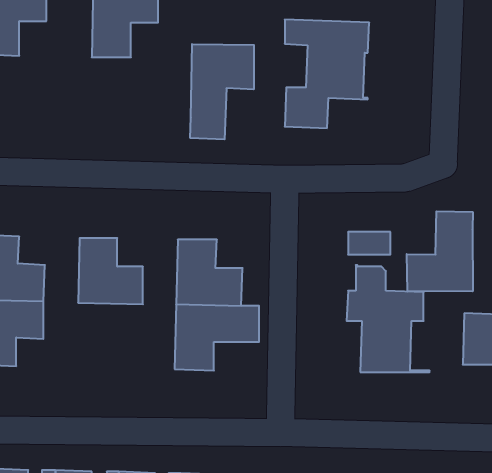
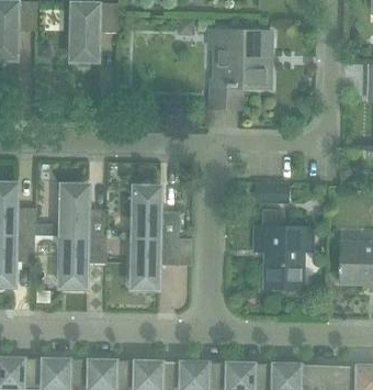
building: [190,44,254,139] -> none
building: [407,211,473,292] -> none
building: none -> [58,235,106,282]

